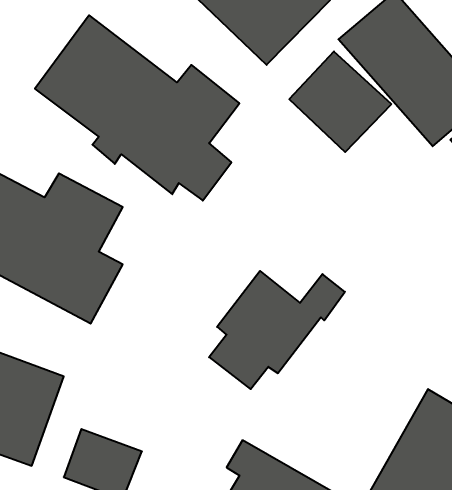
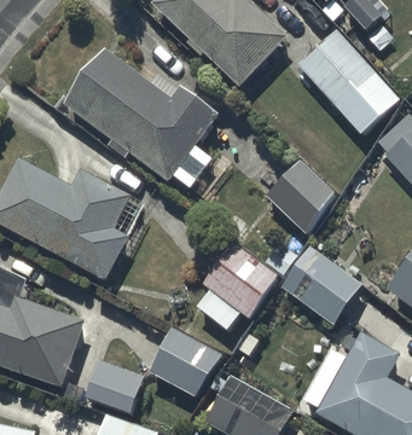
building: [289,51,391,152] -> [265,158,342,234]
building: none -> [280,246,362,325]
building: none -> [147,326,220,398]

